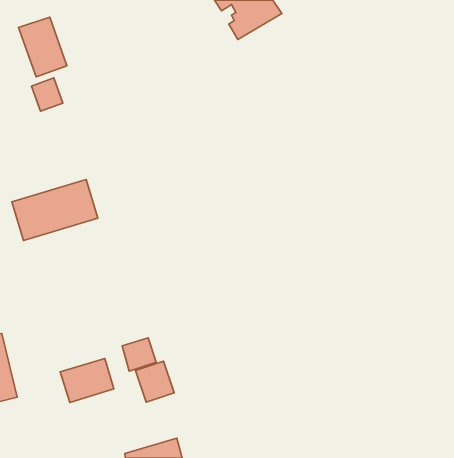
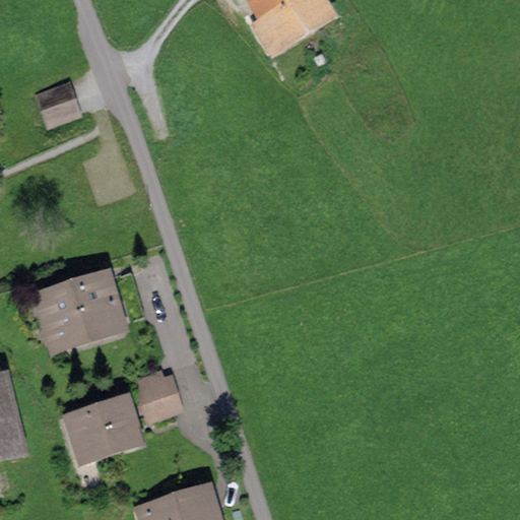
building: [19,17,67,77] -> none
building: [12,180,98,240] -> [41,276,138,345]
building: [136,361,174,402] -> none

